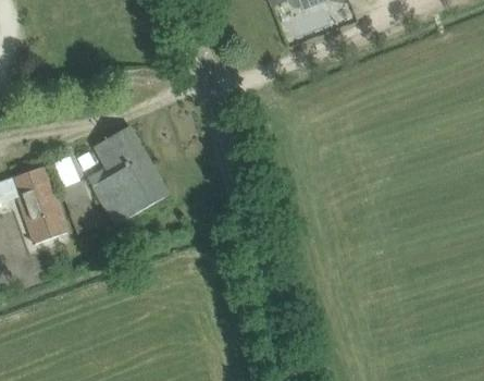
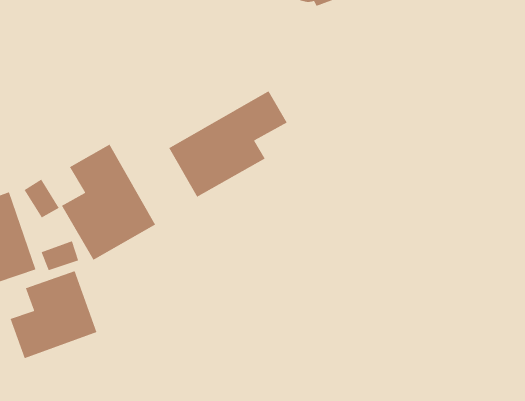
building: none -> [168,90,288,198]
building: none -> [9,270,98,359]

